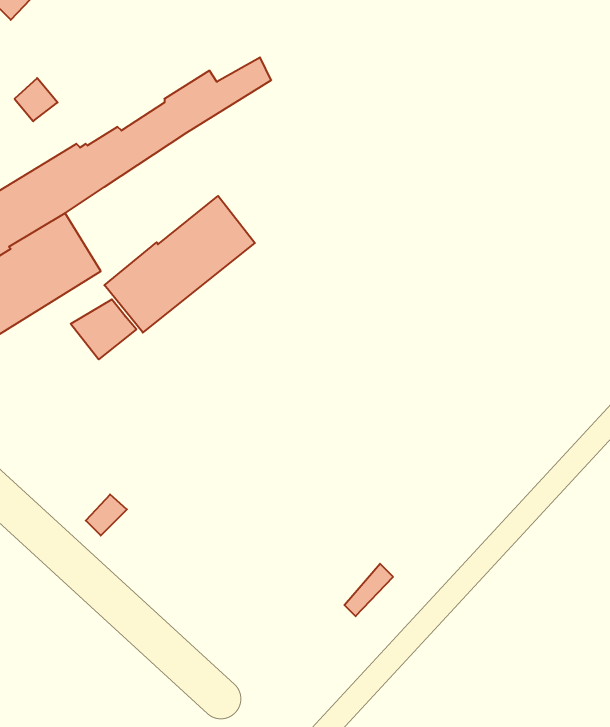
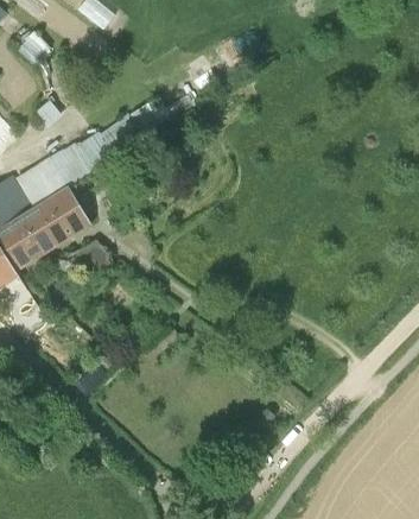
building: [104,196,255,333] -> none

